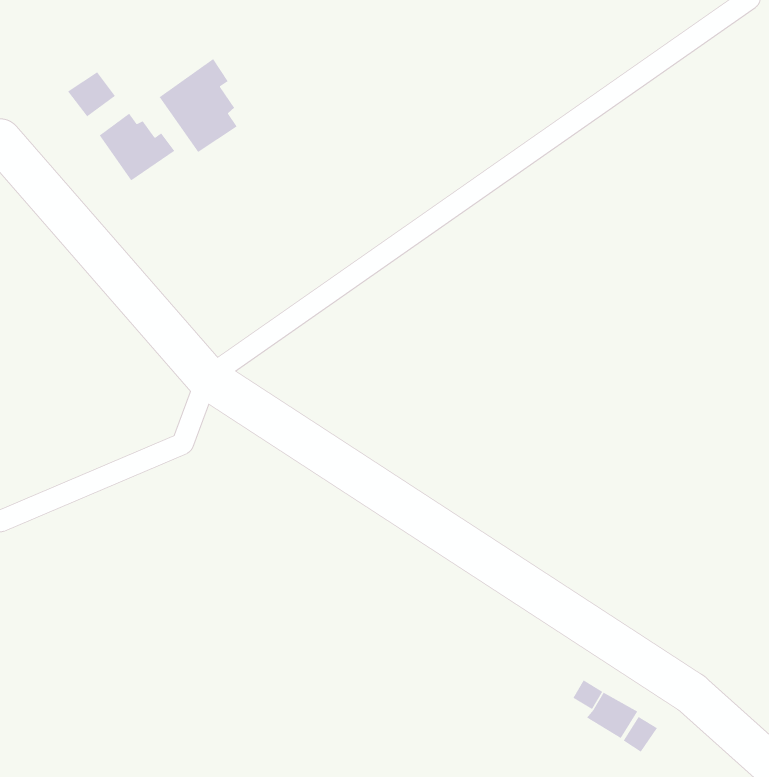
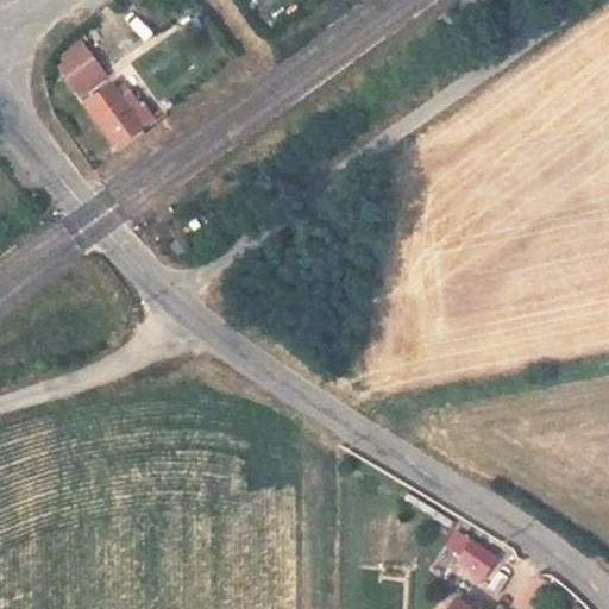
building: [159,58,238,153] -> none

